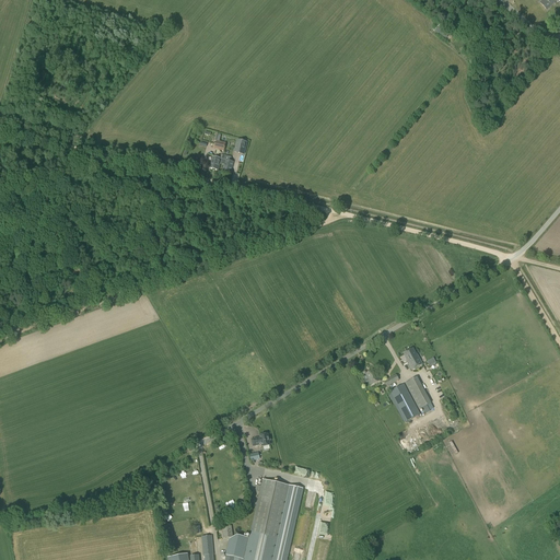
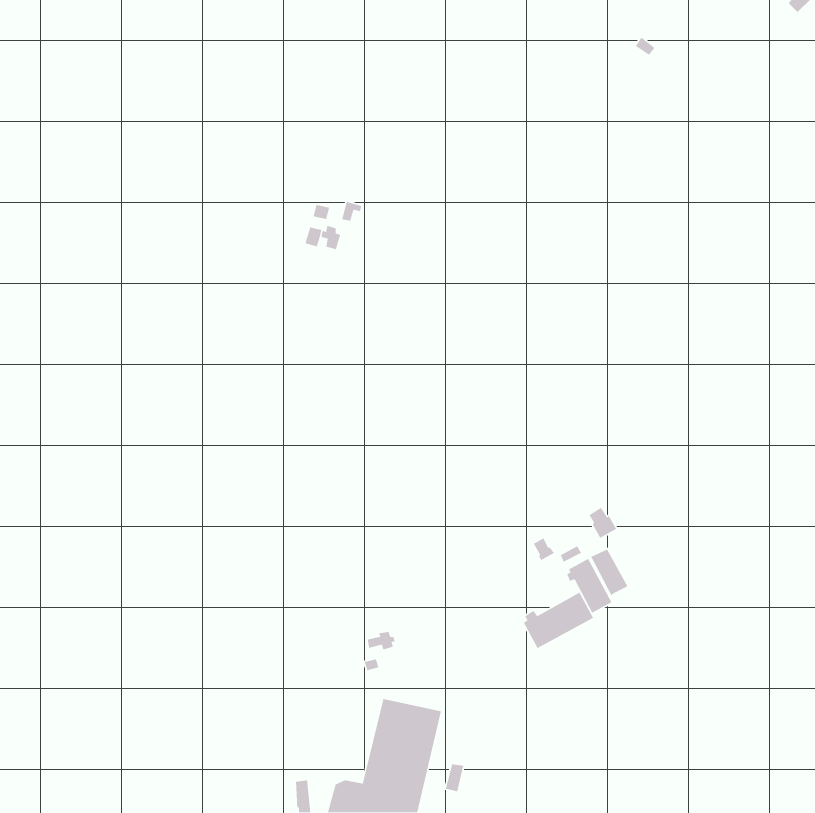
building: none -> [523,592,594,649]

